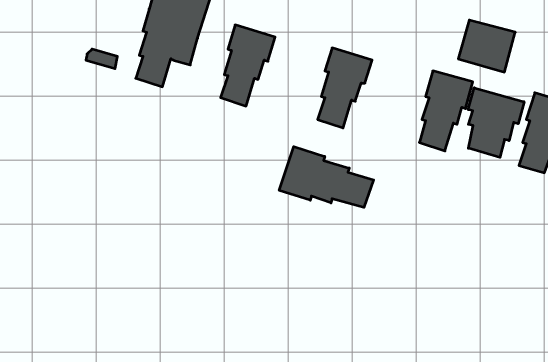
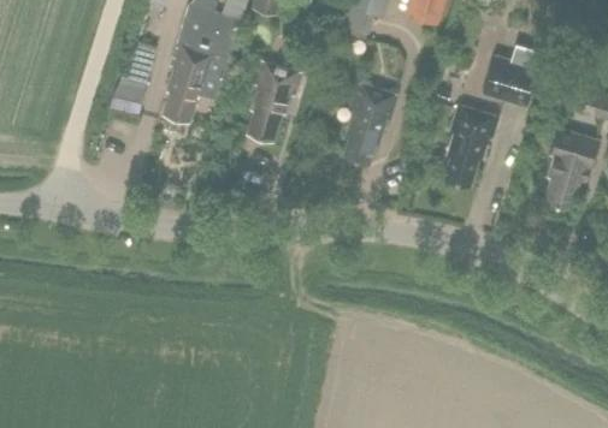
building: [468,88,524,157] -> none
building: [279,147,374,207] -> none

